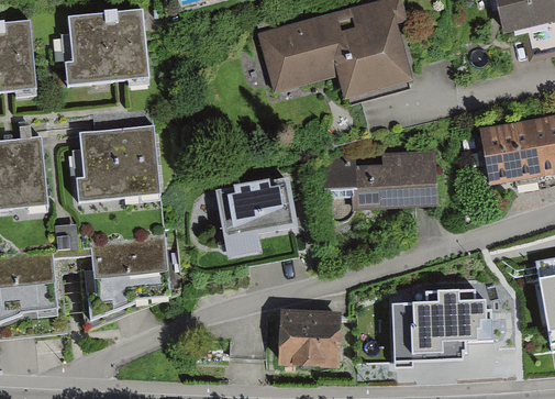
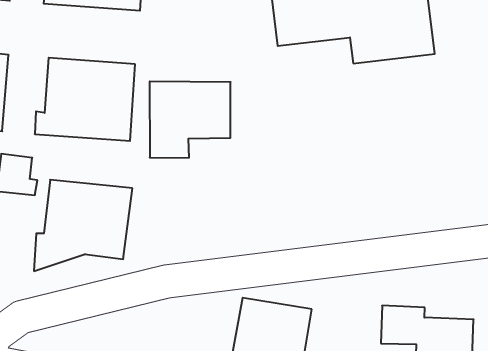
building: [311,151,432,213] -> none
building: [221,177,299,254] -> [150,81,231,158]

